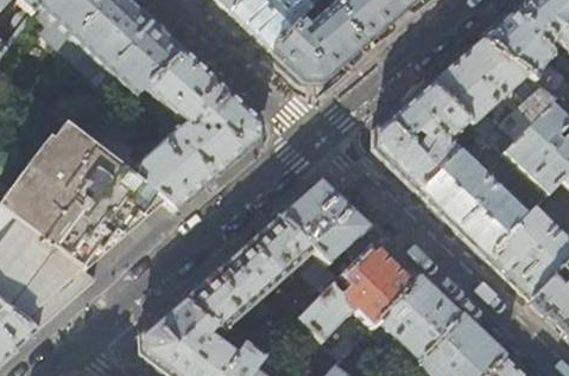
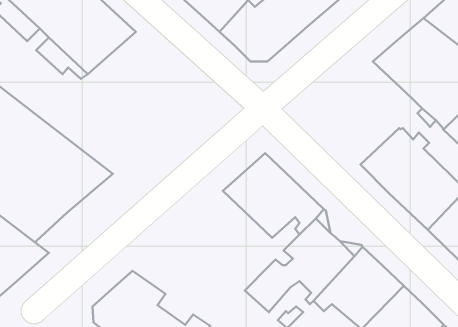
building: [86,50,260,208] -> none
building: [375,81,473,187] -> none
building: [183,215,340,339] -> none

